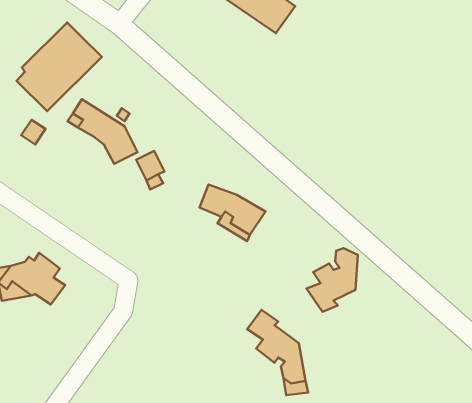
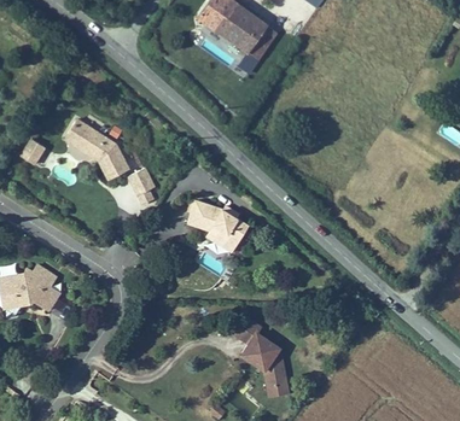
building: [16,22,102,111] -> none
building: [306,248,358,312] -> none

